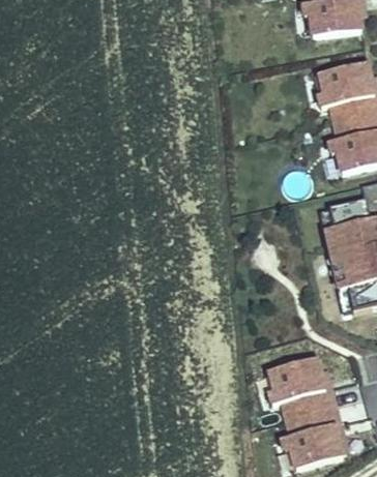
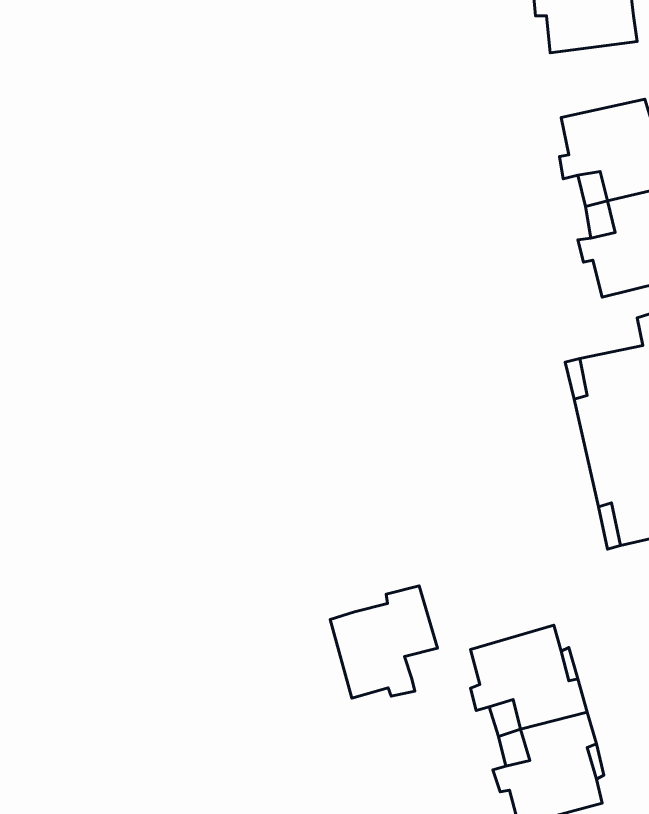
building: none -> [330,586,438,698]

